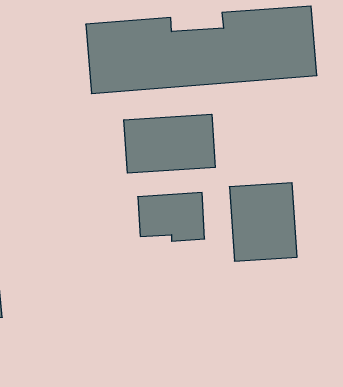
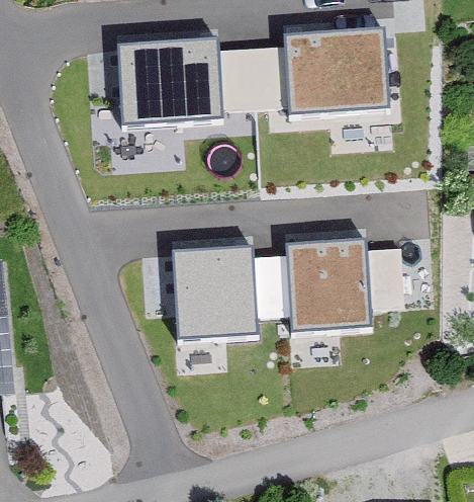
building: [124,114,215,173] -> none

